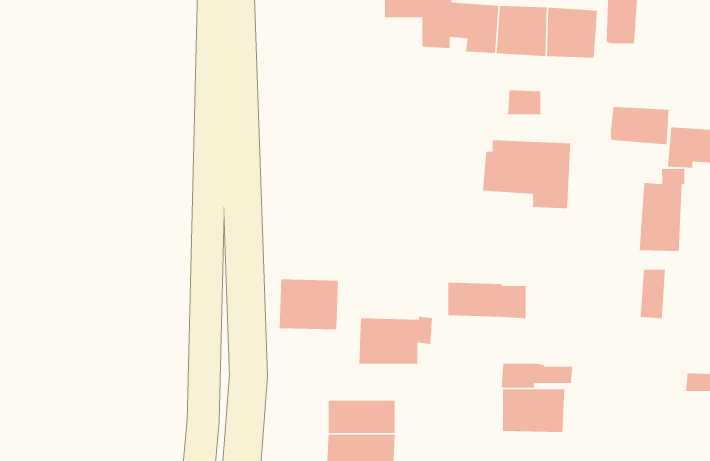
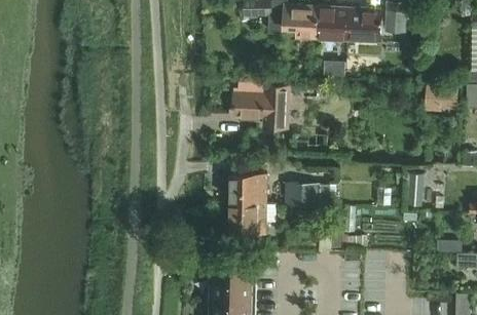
building: [610,106,669,145] -> none
building: [482,139,571,209] -> [233,82,290,126]
building: [639,168,685,252] -> none
building: [279,279,339,330] -> [230,173,268,206]
building: [502,389,565,433] -> none

